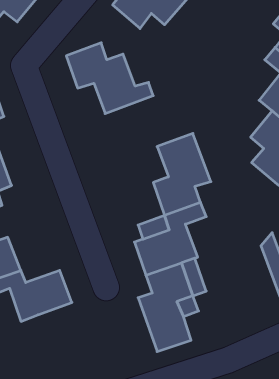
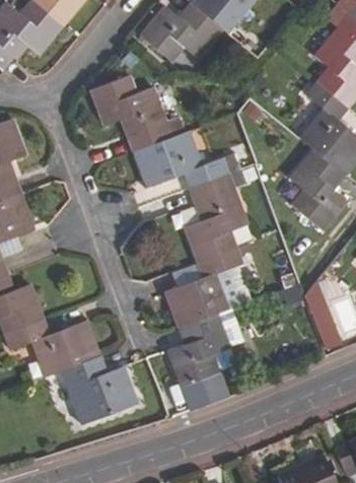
building: none -> [134,132,228,188]
building: none -> [62,355,135,422]

